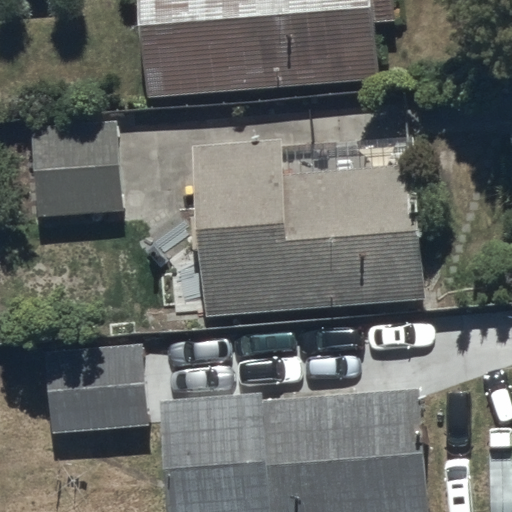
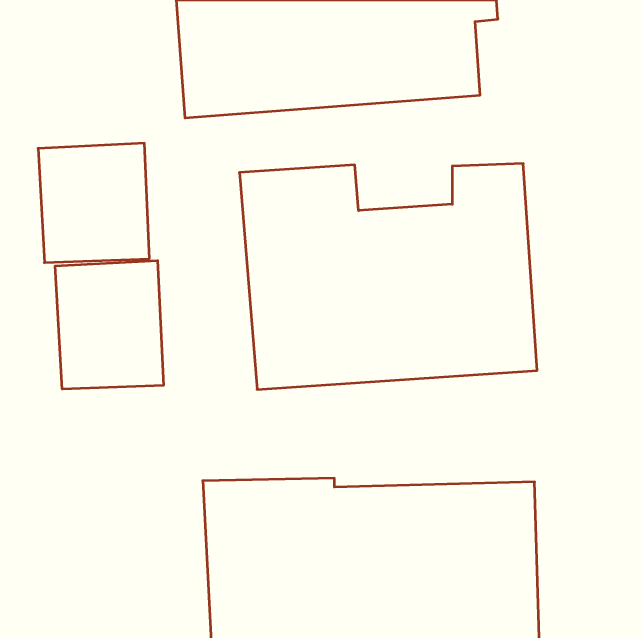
building: none -> [55,261,163,389]
building: [45,340,145,459] -> none

